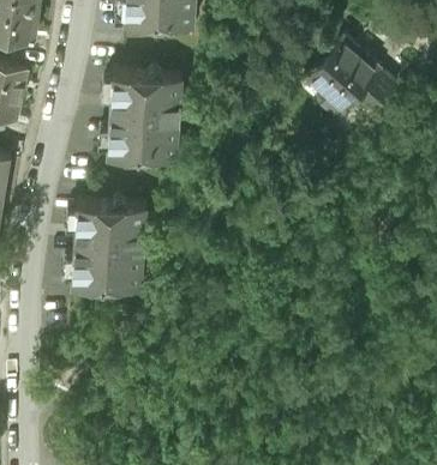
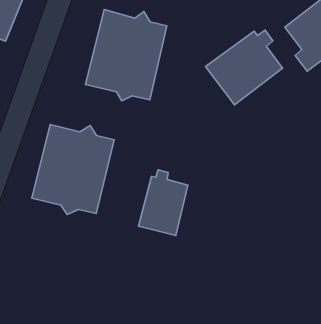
building: none -> [206,30,282,105]
building: none -> [139,170,188,235]

